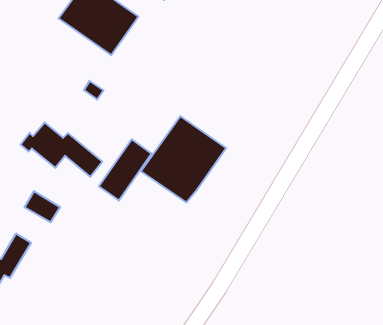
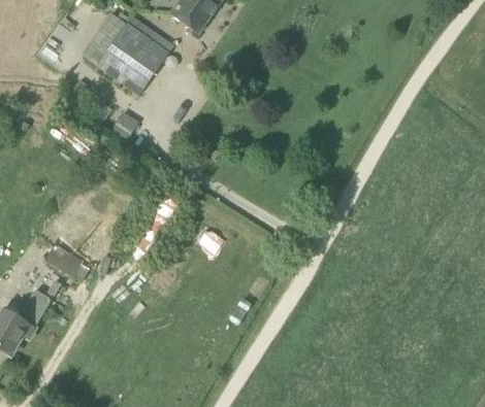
building: [141,116,226,202] -> none
building: [21,122,102,177] -> none

